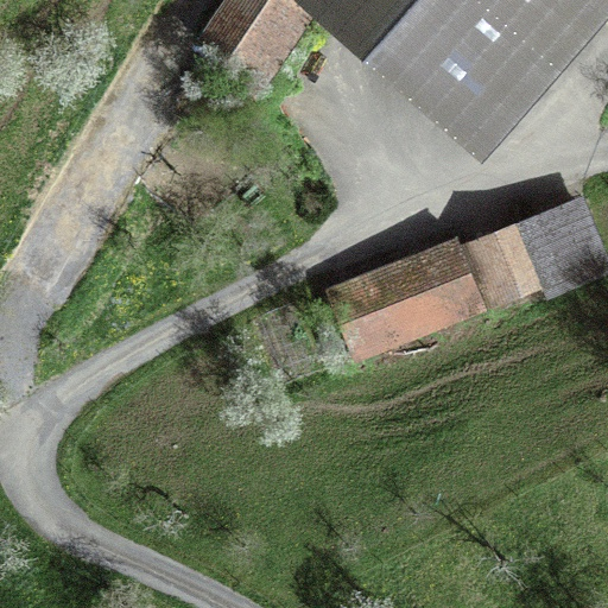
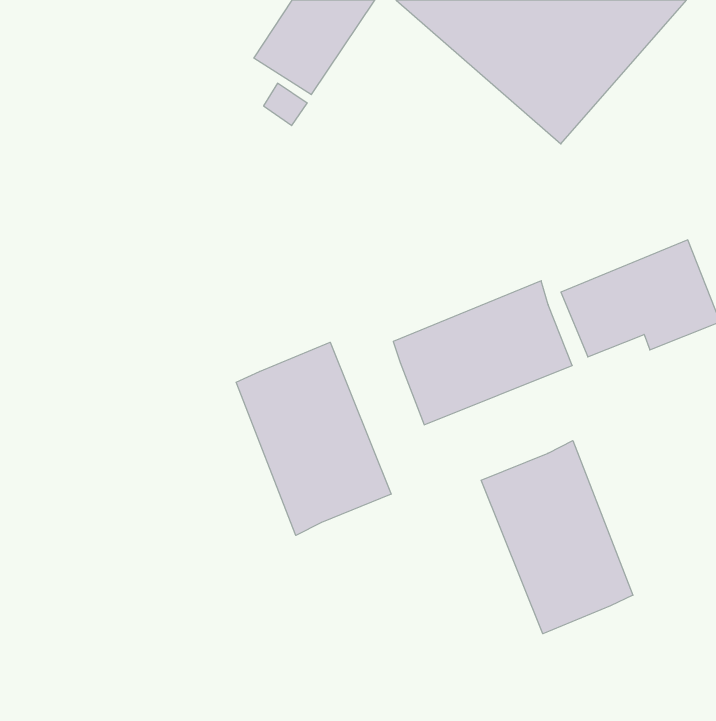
building: none -> [236,342,391,535]
building: none -> [481,441,633,634]

